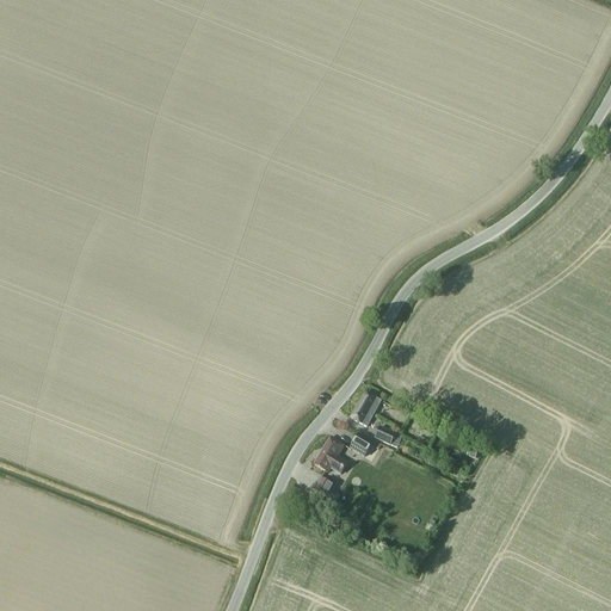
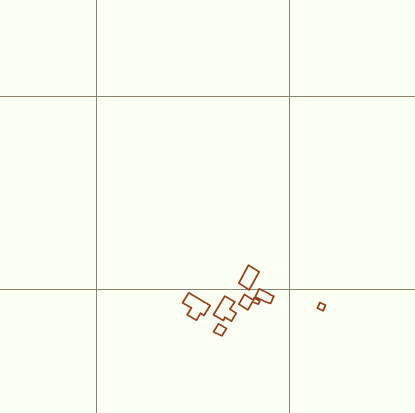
building: none -> [183,293,210,320]

